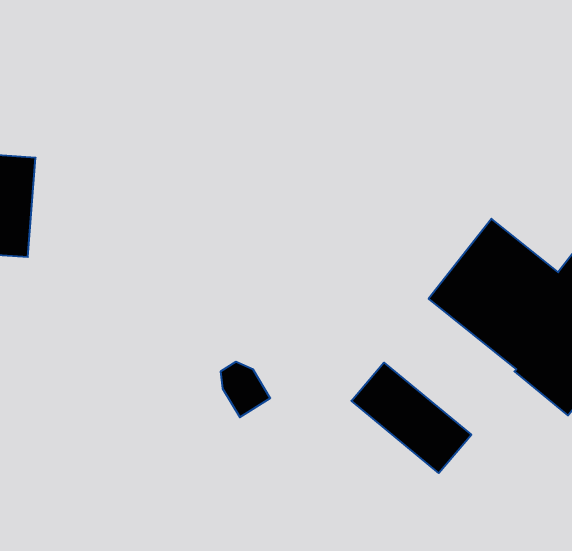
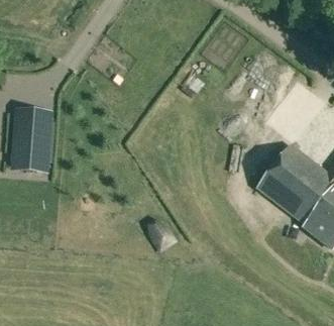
building: [351,363,471,473] -> none

